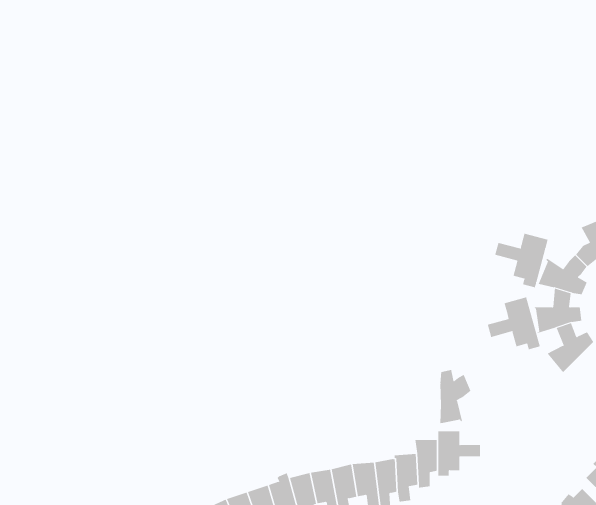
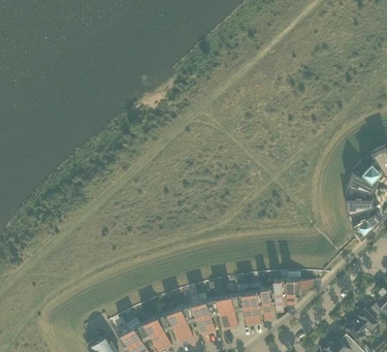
building: [495,233,548,288] -> none
building: [487,297,541,350] -> none
building: [440,369,471,426] -> none

